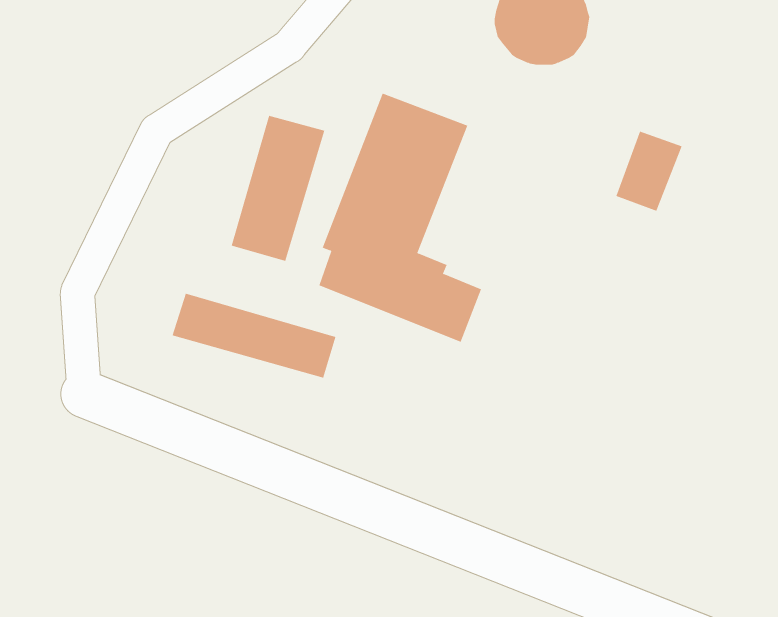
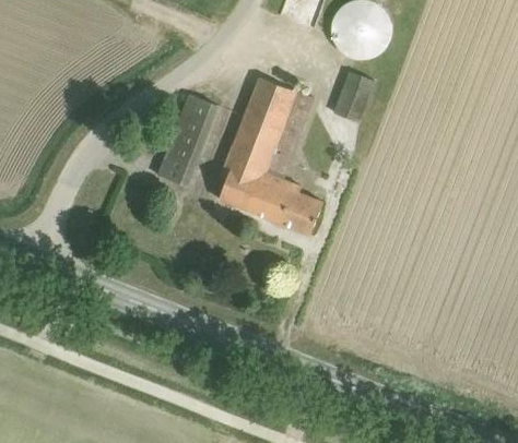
building: [616,131,683,212] -> [332,72,375,123]
building: [172,293,336,378] -> none

